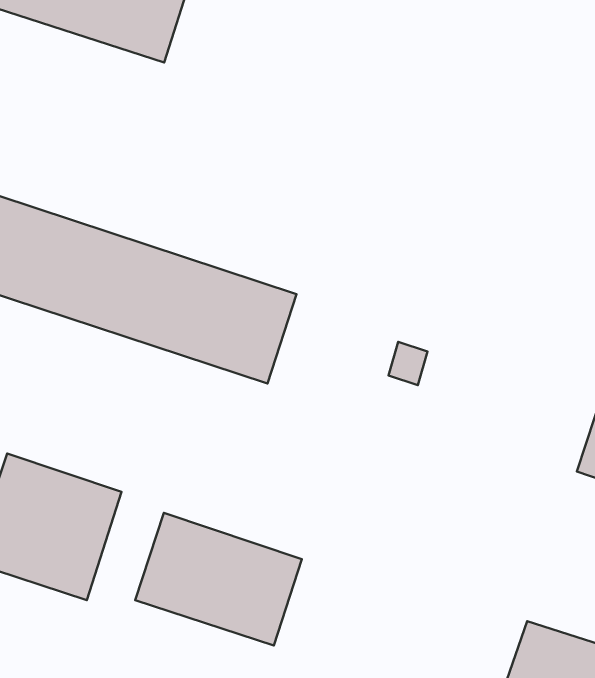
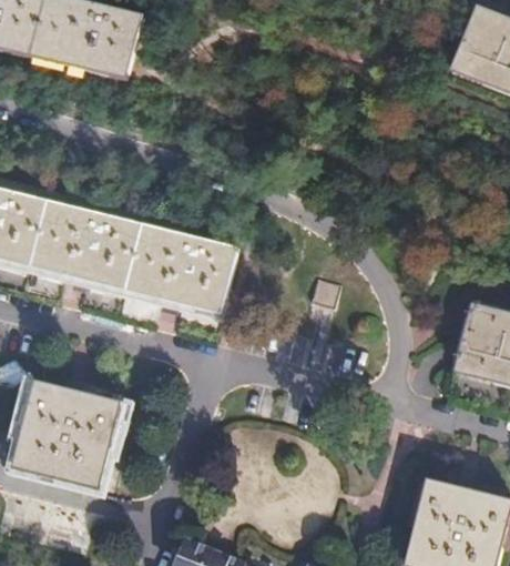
building: [135,513,302,646] -> none

